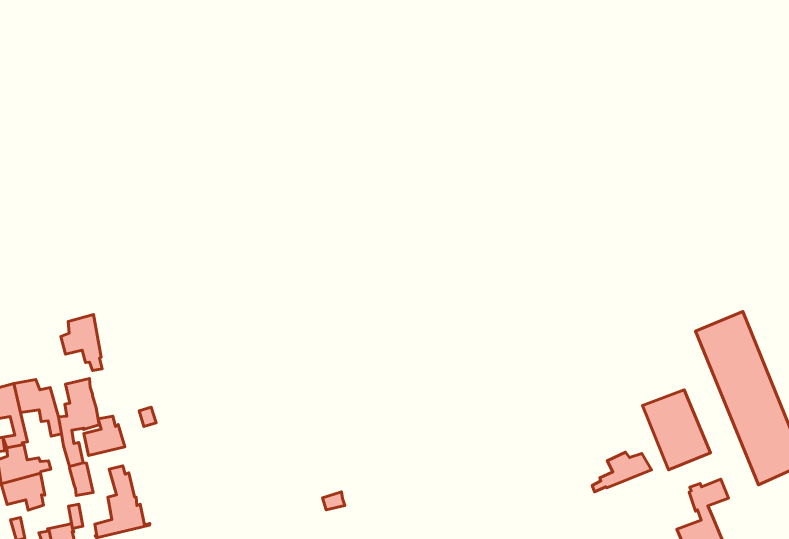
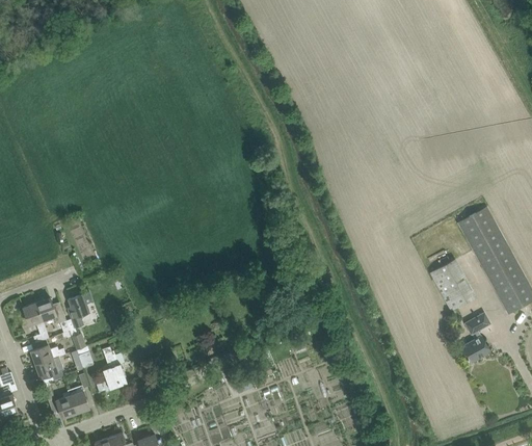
building: [61,315,102,371] -> none
building: [84,416,125,455] -> none
building: [592,452,651,492] -> none

